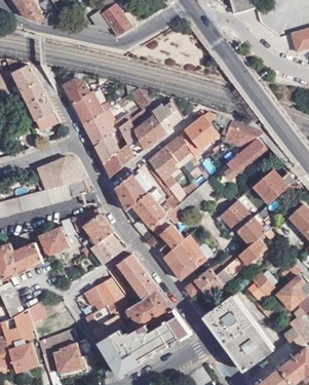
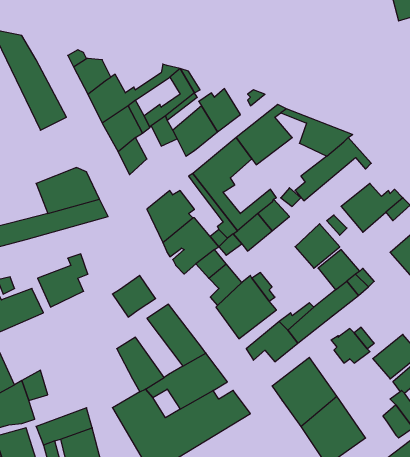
building: [103,142,133,178] -> none
building: [70,208,113,244] -> none
building: [81,287,110,329] -> none

